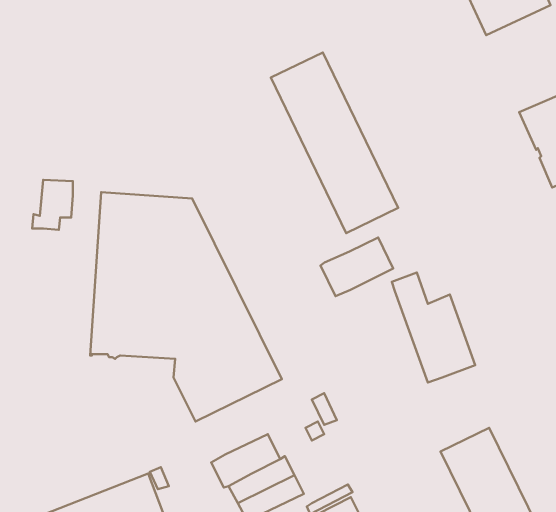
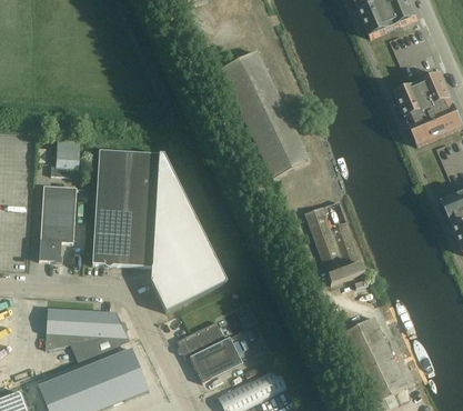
building: [321,238,393,296] -> none
building: none -> [38,186,77,262]
building: none -> [46,308,130,360]

